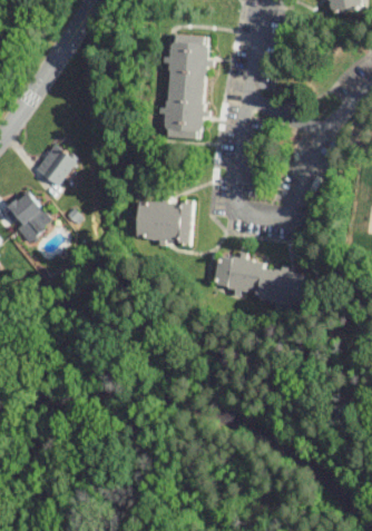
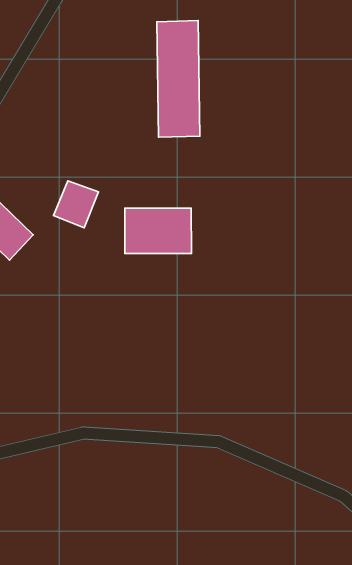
building: [31,142,72,185] -> [53,181,99,228]
building: [214,256,306,301] -> none

